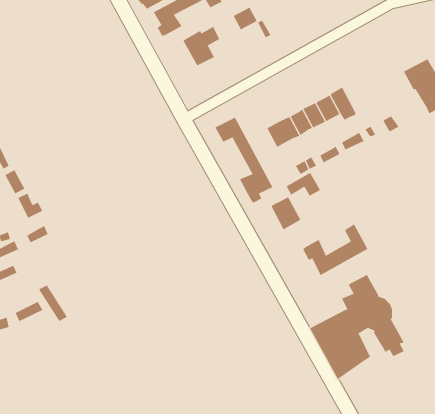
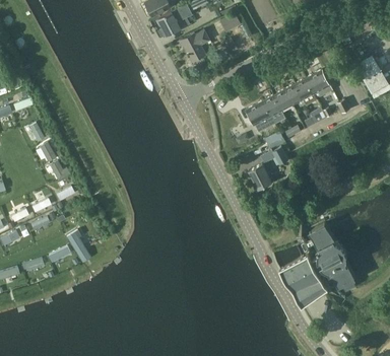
building: none -> [307,69,334,98]
building: [215,117,273,203] -> none
building: [302,223,368,276] -> none

